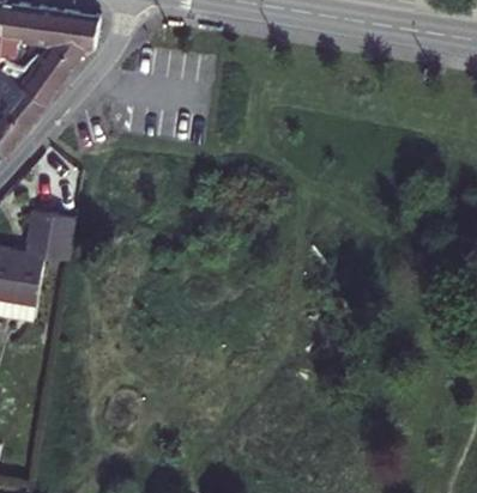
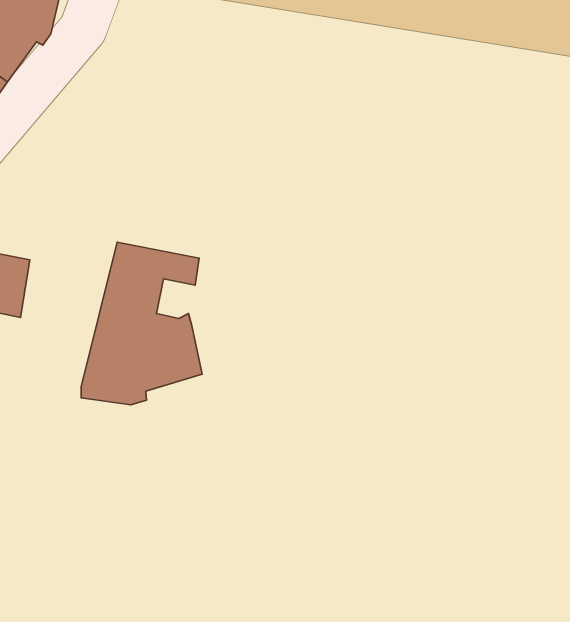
building: none -> [81,242,202,405]

